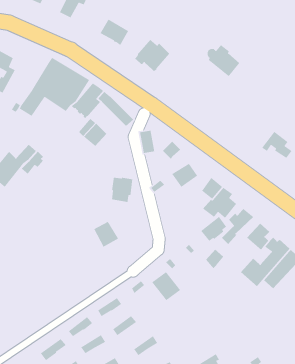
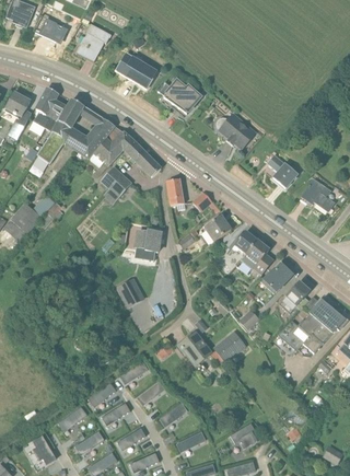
building: [207,44,240,77] -> [217,113,253,149]
building: none -> [33,86,67,130]
building: none -> [268,154,296,187]
building: [200,216,227,242] -> [213,330,243,359]

